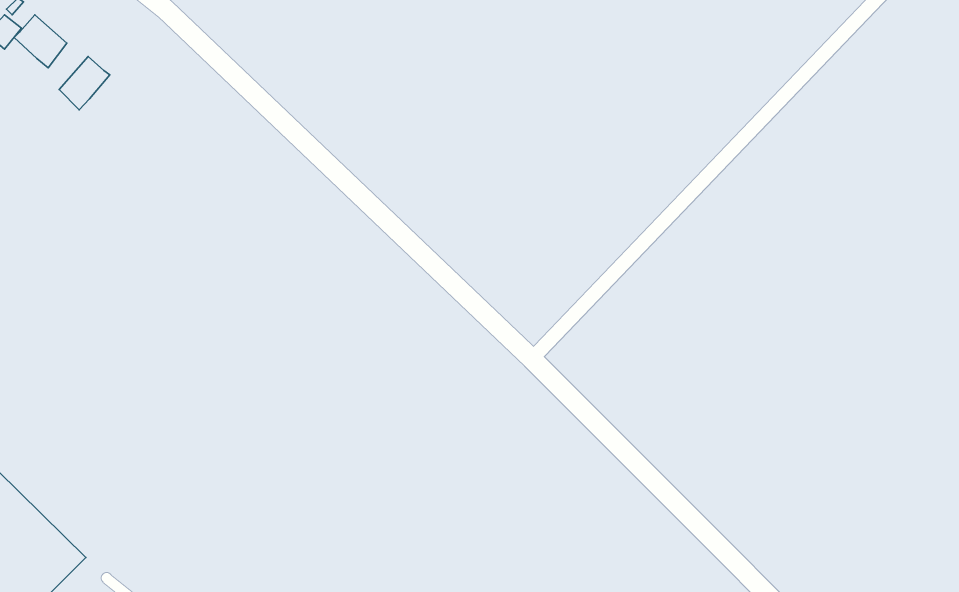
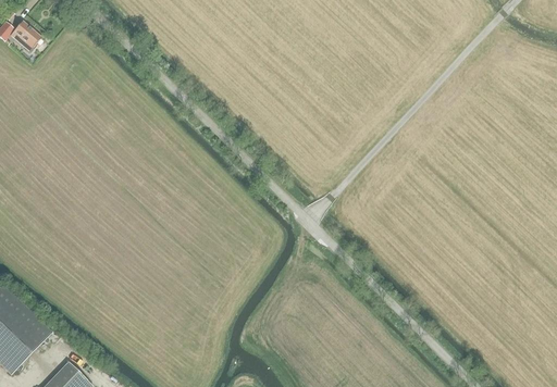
building: [59,57,110,110] -> none

